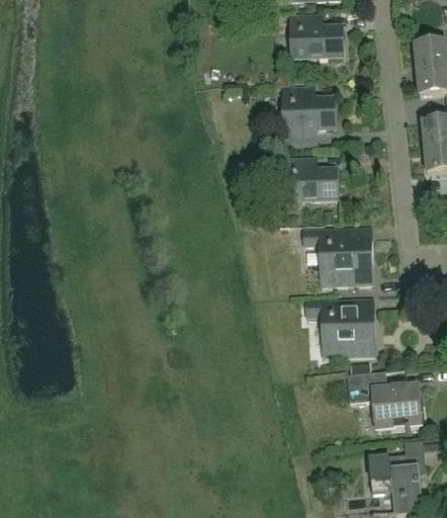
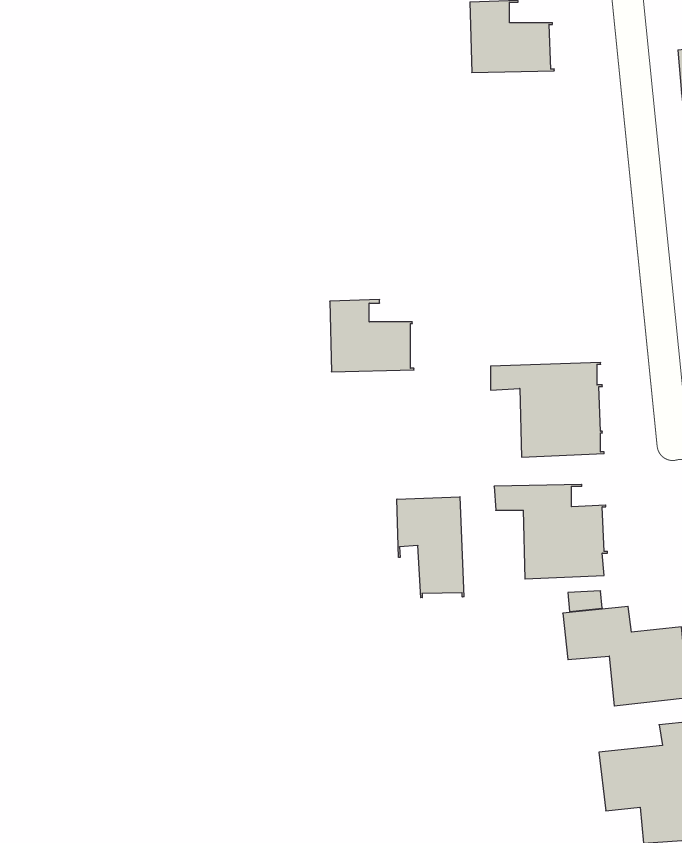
building: [284,86,334,143] -> none
building: [286,157,336,199] -> [330,300,414,372]
building: none -> [397,497,464,598]

